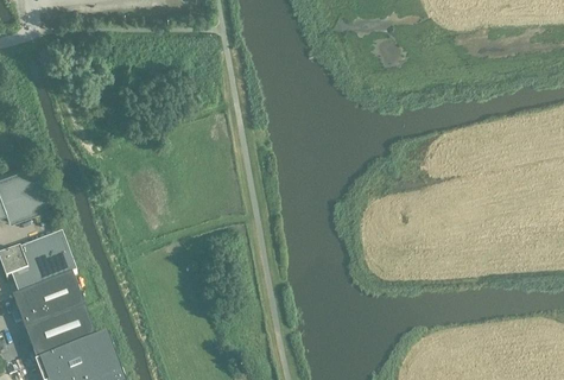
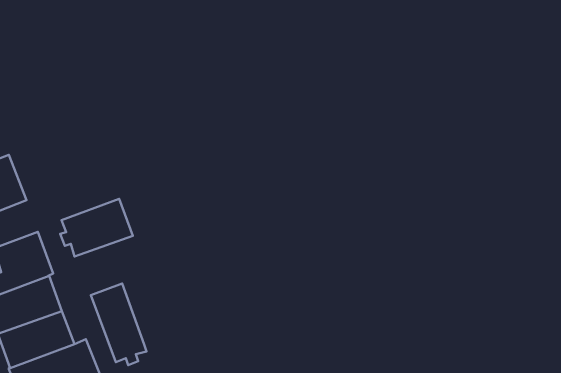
building: none -> [60,199,133,256]
building: none -> [91,283,146,365]

